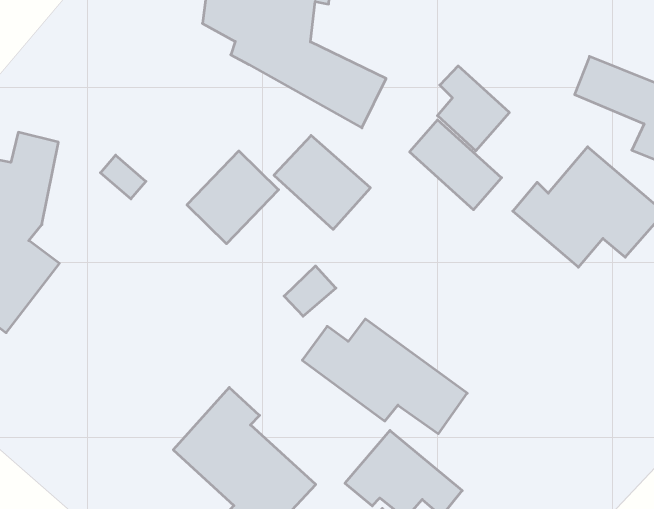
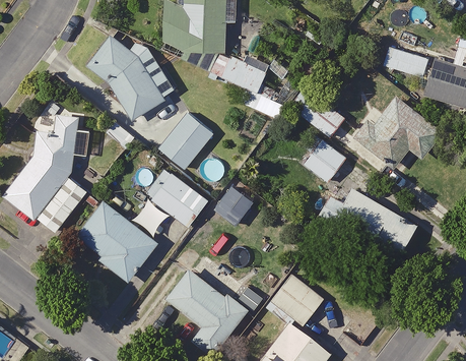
building: none -> [86,38,165,121]
building: [437,66,509,151] -> [304,134,346,184]
building: [274,135,370,229] -> [151,174,209,229]
building: none -> [76,201,158,283]
building: [302,319,467,434] -> [316,189,415,254]

